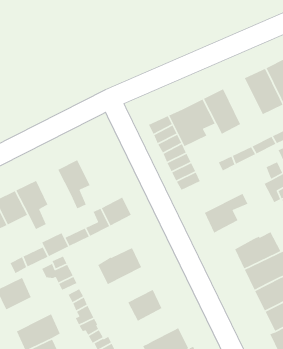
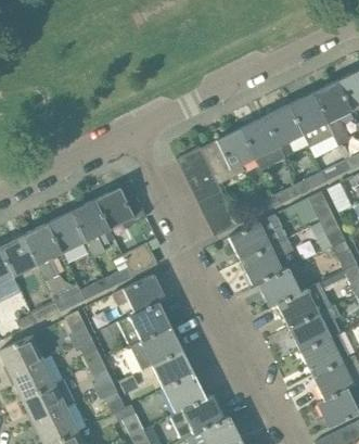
building: none -> [265,104,304,158]
building: none -> [95,180,146,229]
building: none -> [48,211,87,252]
building: none -> [230,214,287,261]
building: none -> [259,267,299,307]
building: none -> [123,274,166,313]
building: none -> [130,325,183,370]
building: none -> [12,359,54,398]
building: none -> [165,372,206,413]

